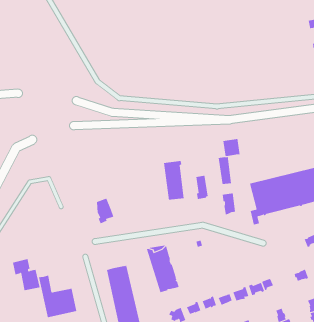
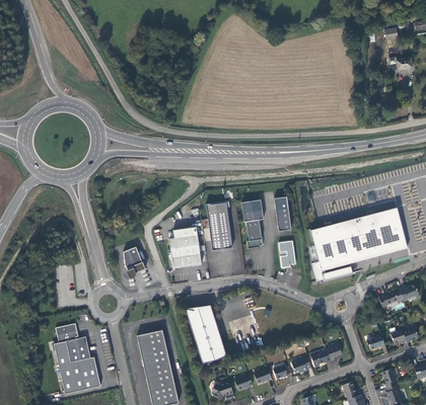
building: [222,138,241,157] -> [240,199,263,222]
building: none -> [169,227,202,268]
building: [12,258,40,291] -> [56,323,90,362]

